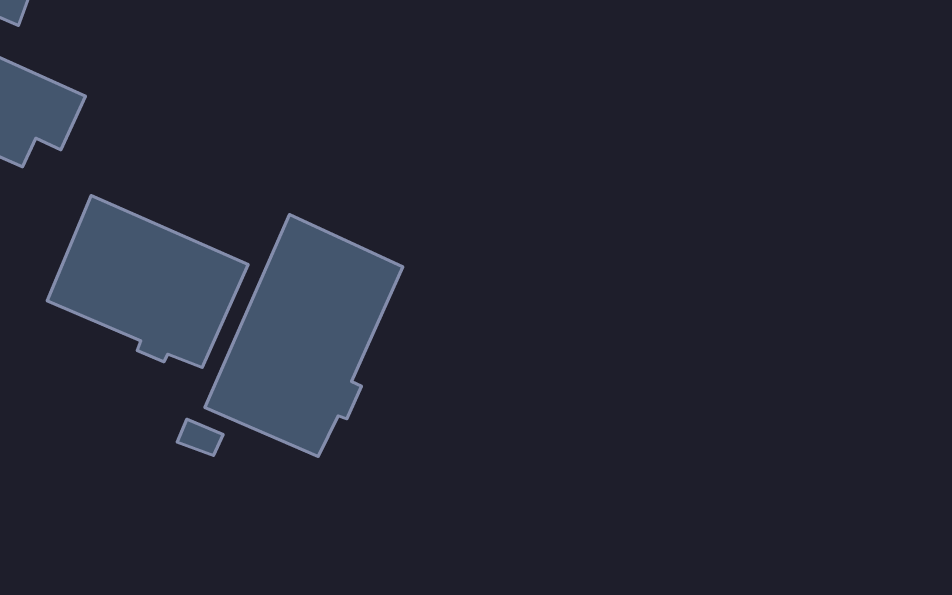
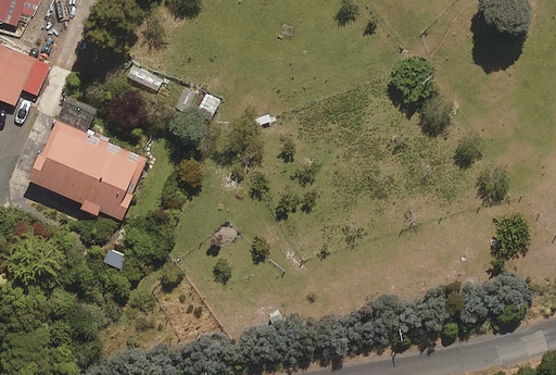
building: [205,214,403,457] -> none

